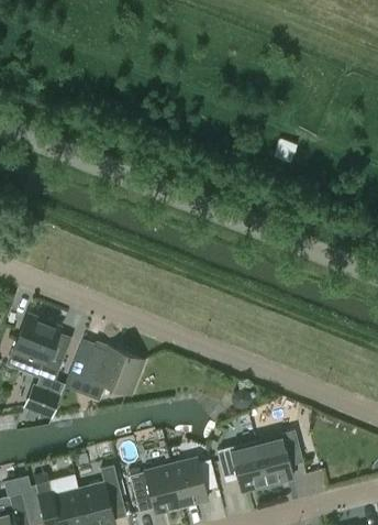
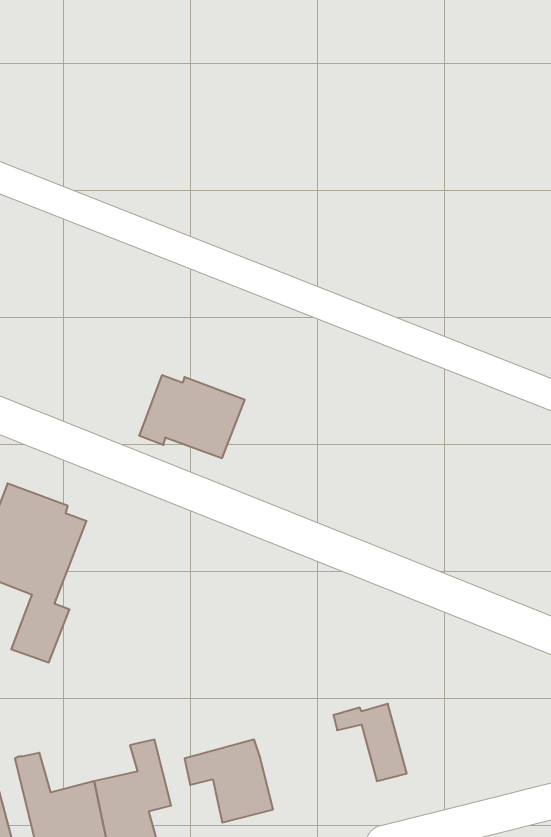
building: [80,346,142,394] -> [139,375,245,458]
building: [247,430,301,485] -> none
building: [169,459,205,506] -> none

